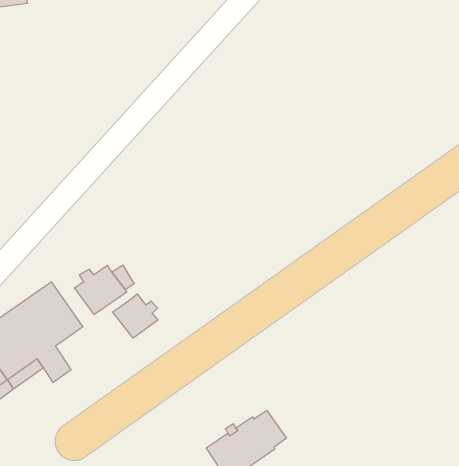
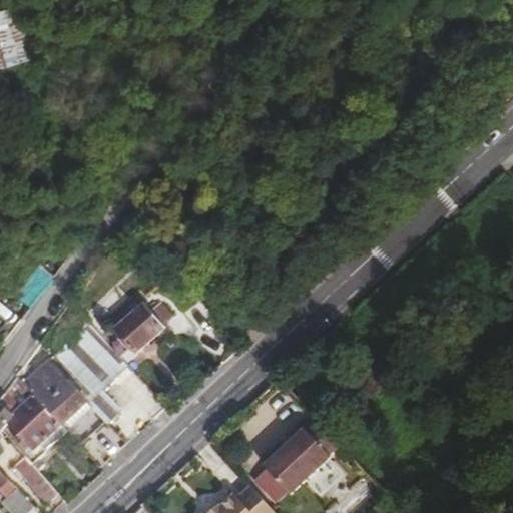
building: [112,294,158,338] -> none

